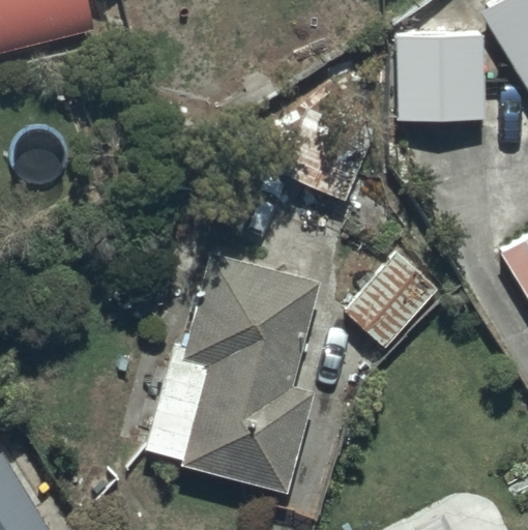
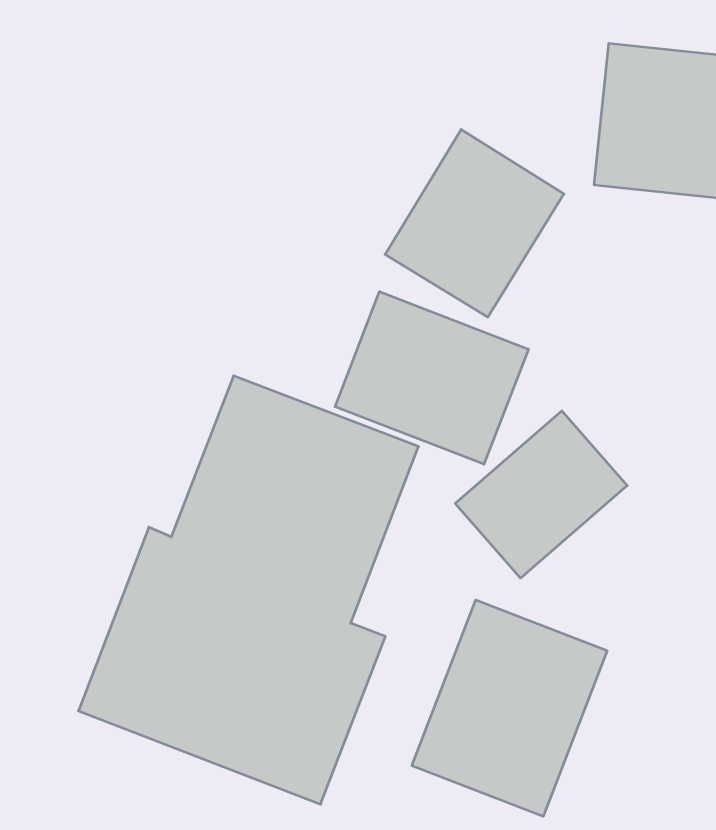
building: none -> [335,292,528,464]
building: none -> [412,600,607,816]

